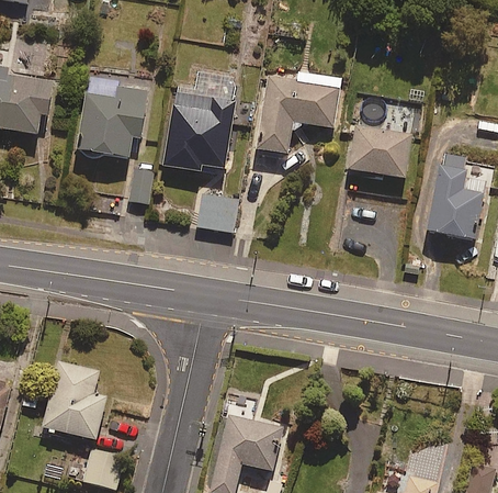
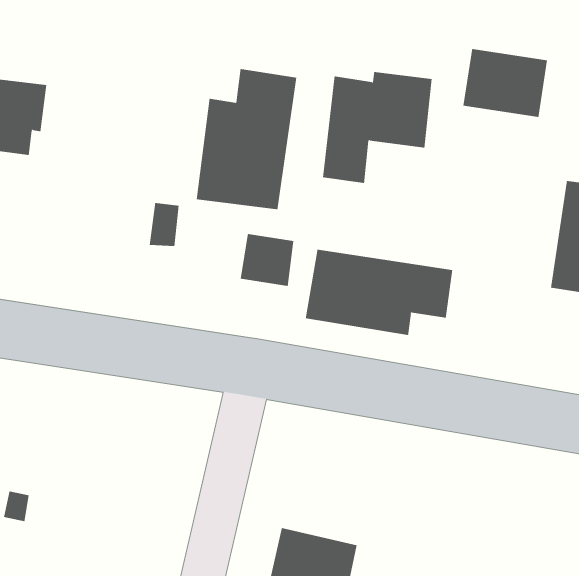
building: [77,83,147,159] -> none
building: [348,126,411,178] -> [463,48,548,117]
building: none -> [305,249,453,336]
building: [41,361,106,441] -> none

